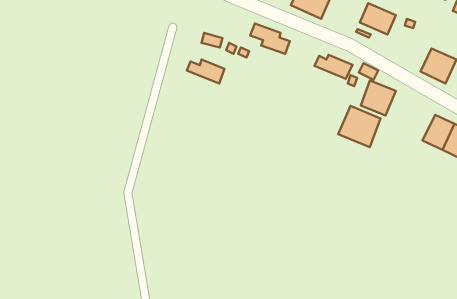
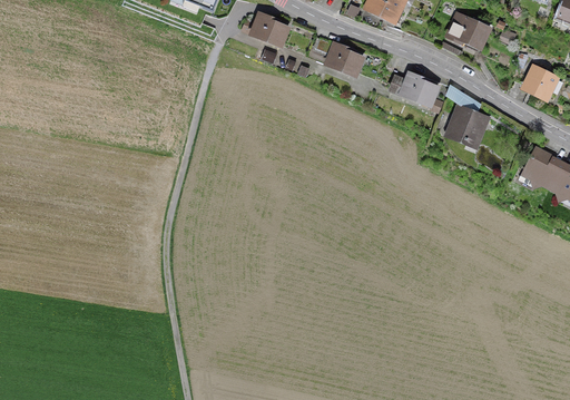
building: [187,60,225,84] -> [240,14,286,43]
building: [338,106,381,147] -> none

